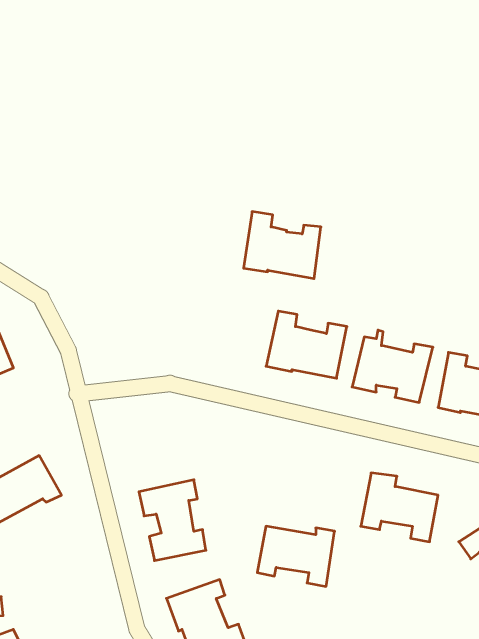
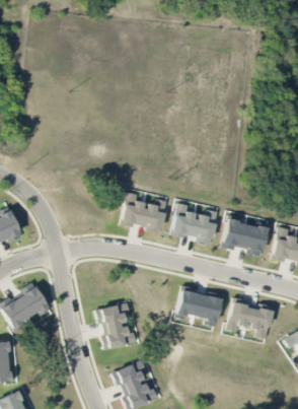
building: [244,212,321,279] -> [122,191,167,230]
building: [257,526,335,586] -> [176,290,222,326]

